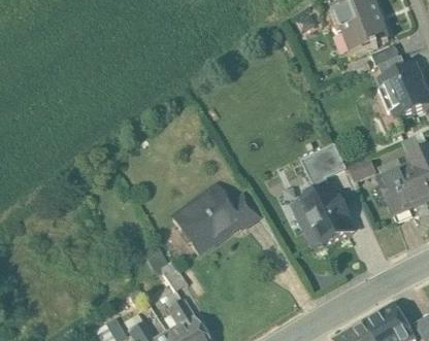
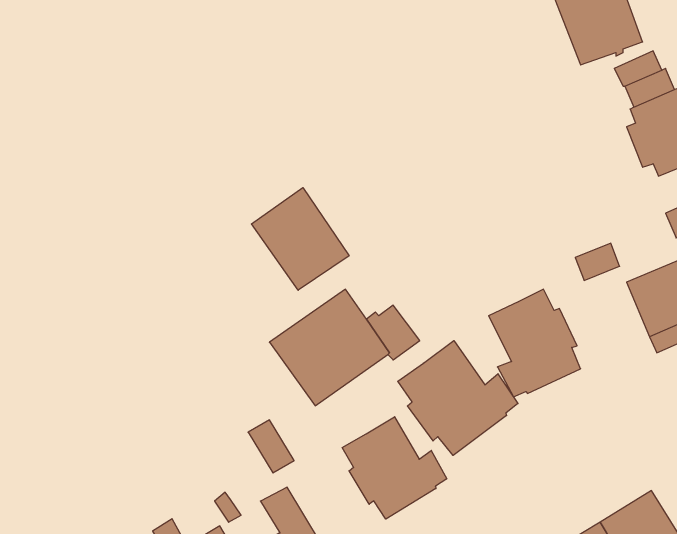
building: none -> [251,188,349,290]
building: [300,140,346,191] -> none
building: none -> [398,341,518,455]
building: none -> [342,417,447,519]

